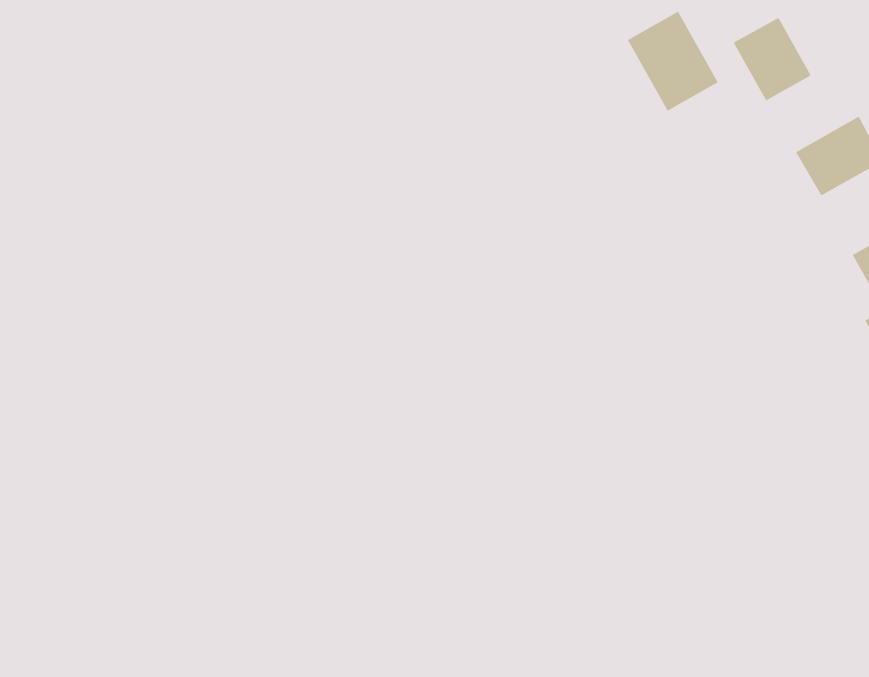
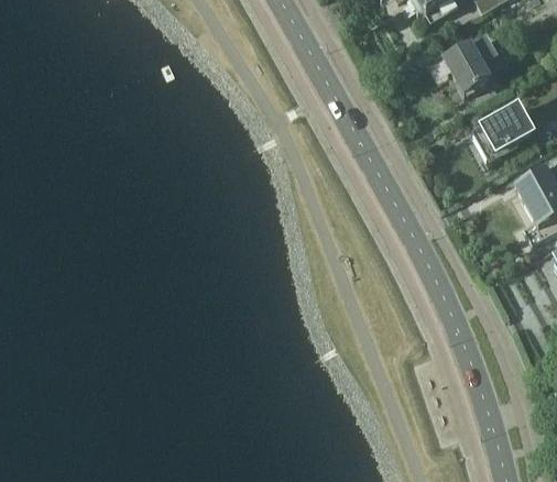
building: [627,11,719,111] -> none

